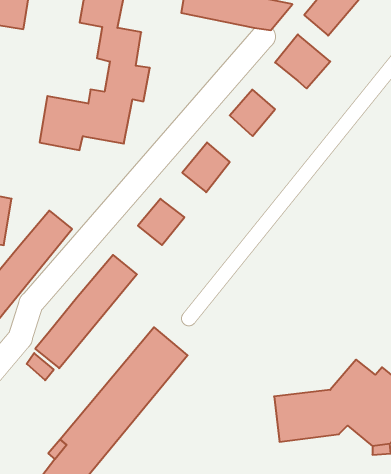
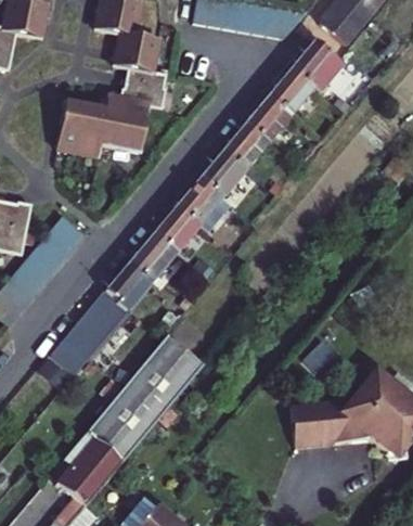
building: none -> [269,67,314,114]
building: none -> [223,120,269,167]
building: none -> [177,178,222,222]
building: none -> [129,231,178,280]

